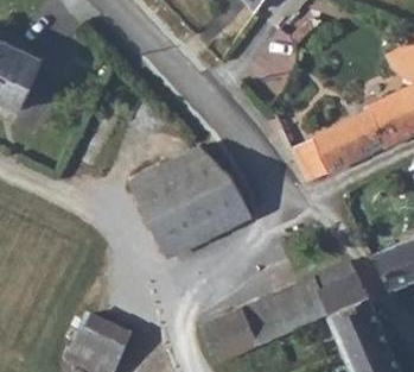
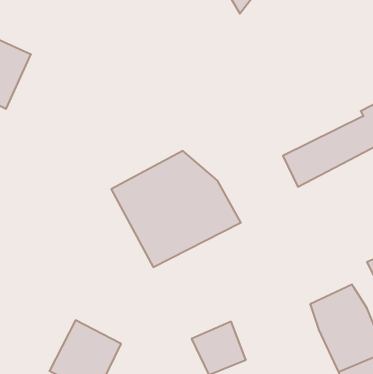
building: [241,264,357,348] -> none

